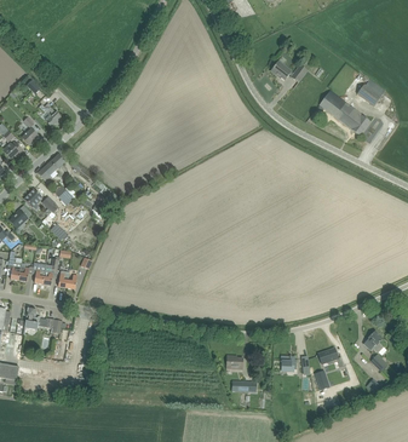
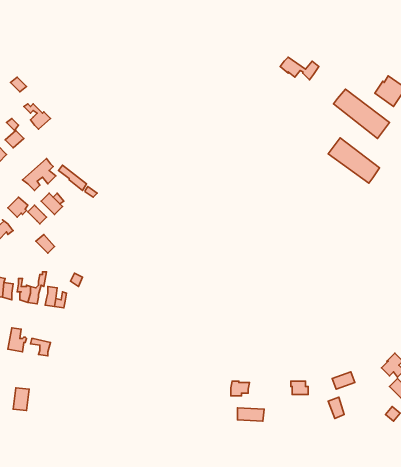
building: none -> [328,138,380,183]

